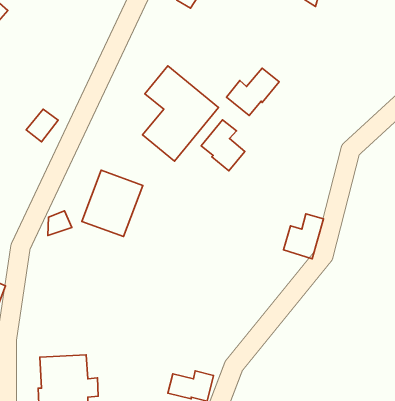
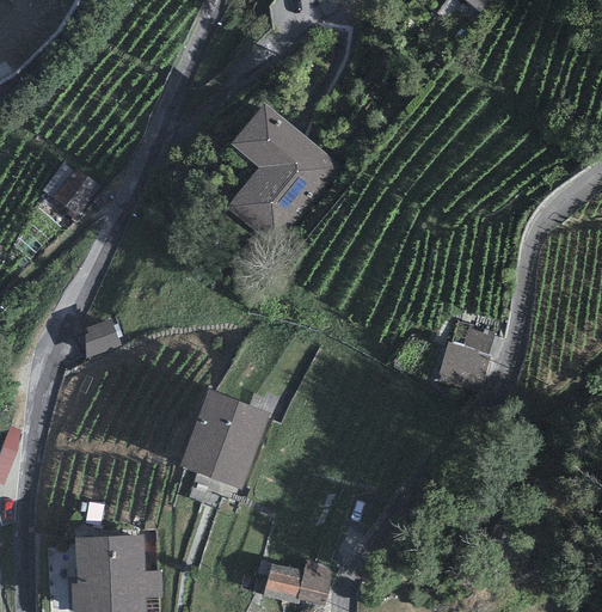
building: [227,68,279,116] -> none
building: [201,120,245,171] -> none
building: [82,170,143,237] -> [178,390,269,489]

